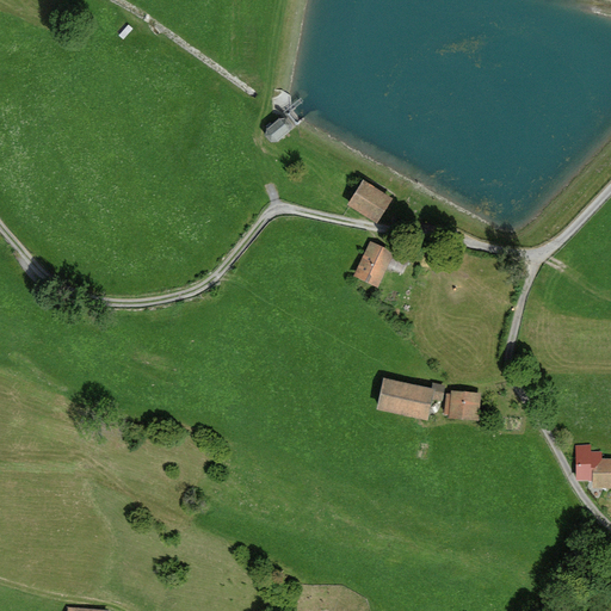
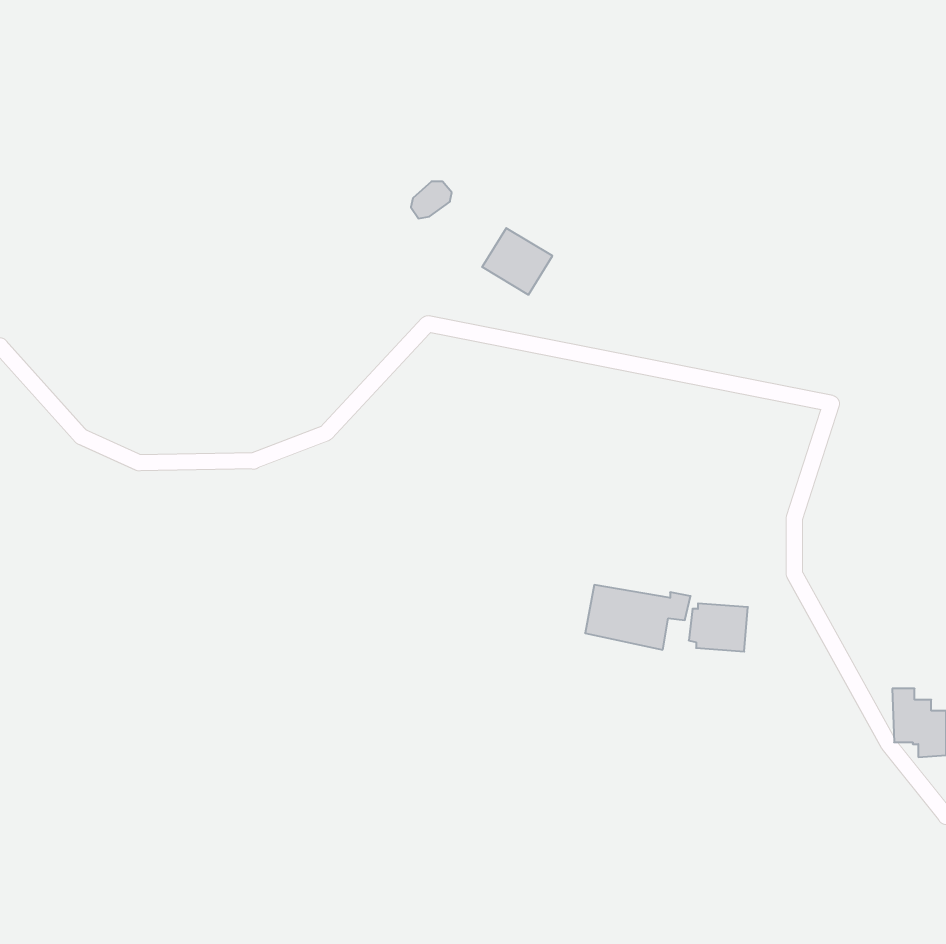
building: [347,179,393,222] -> [482,228,552,295]
building: [353,241,408,286] -> none

